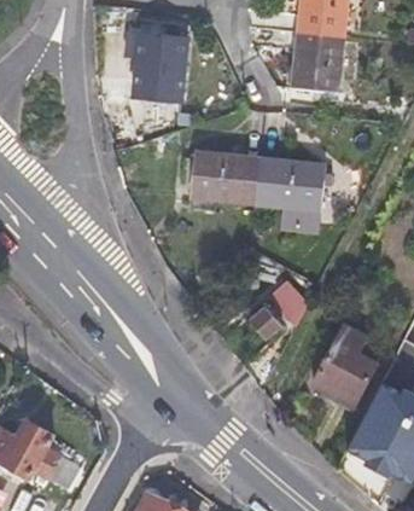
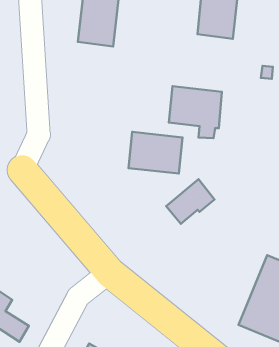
building: [189,149,260,203] -> [129,132,182,174]
building: [314,324,378,406] -> none

